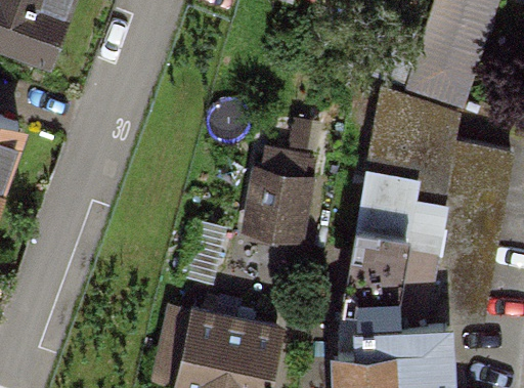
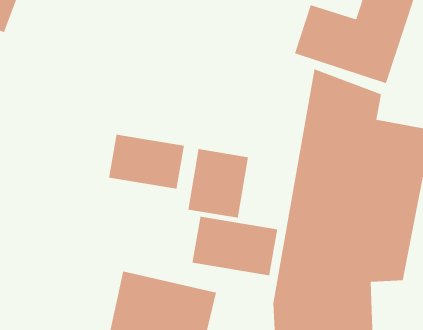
building: none -> [108,134,185,190]
building: none -> [192,216,278,276]

